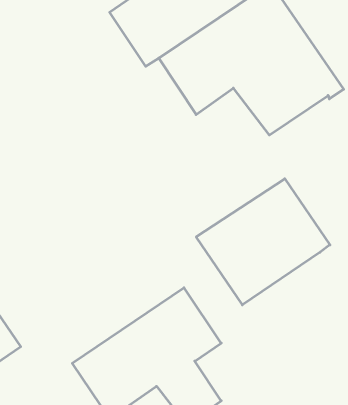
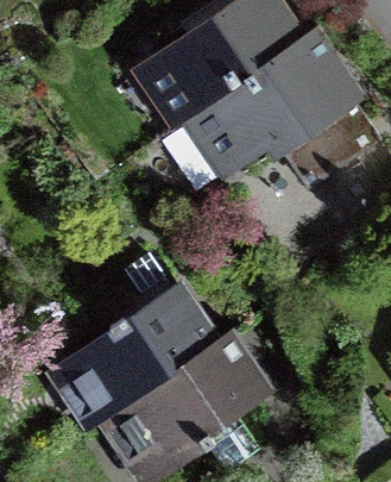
building: [196,179,330,305] -> none
building: none -> [64,288,212,417]

